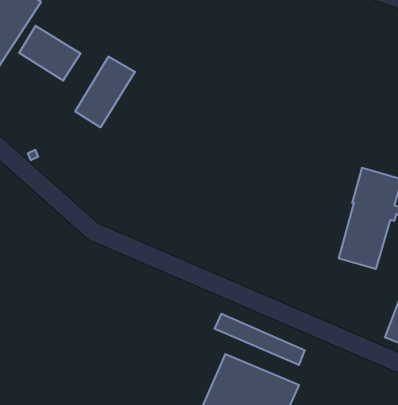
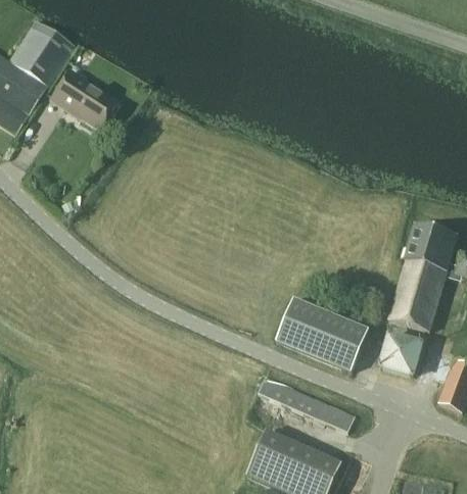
building: [75,56,135,127] -> none
building: none -> [275,300,368,373]
building: none -> [377,331,424,379]

